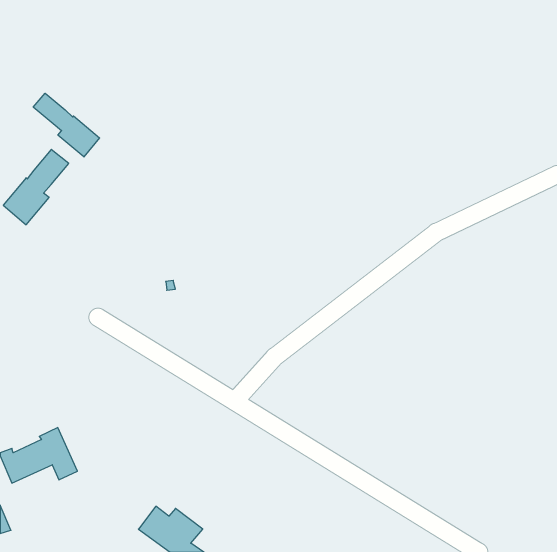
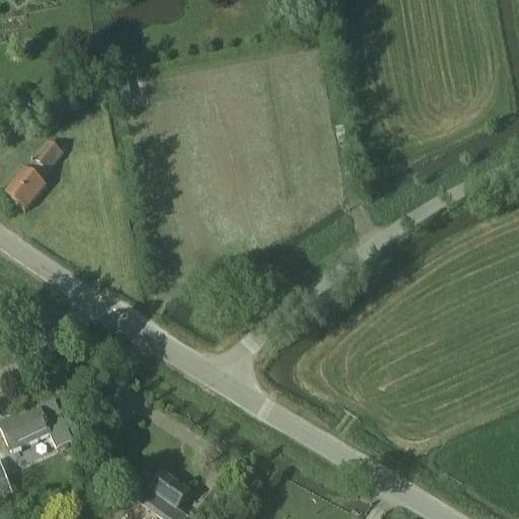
building: [33,93,100,157] -> none

